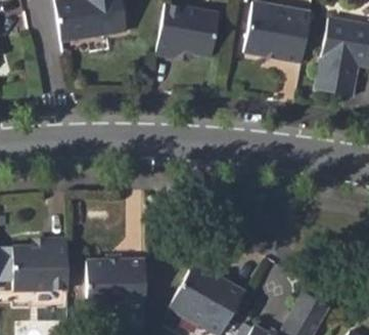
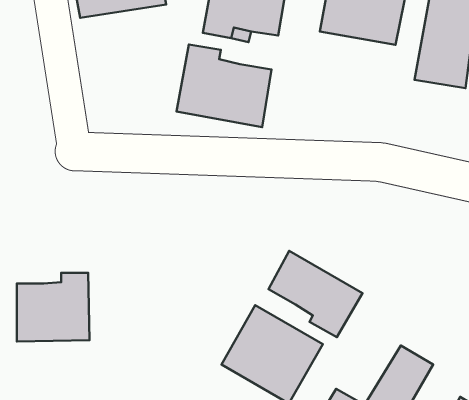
building: none -> [177,44,272,127]
building: none -> [268,251,362,337]
building: [86,258,146,310] -> none

